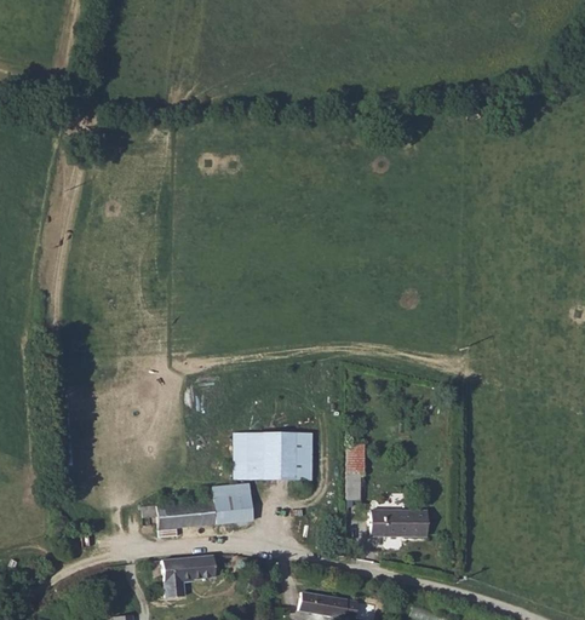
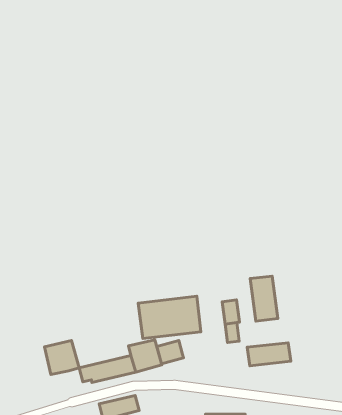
building: none -> [250,276,278,321]
building: none -> [44,340,79,375]
building: none -> [157,340,184,364]

